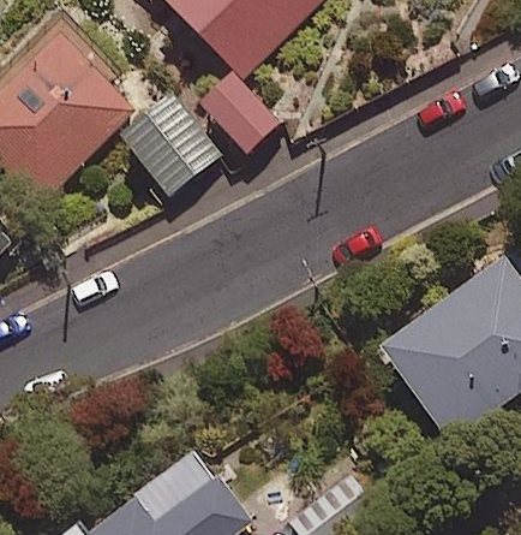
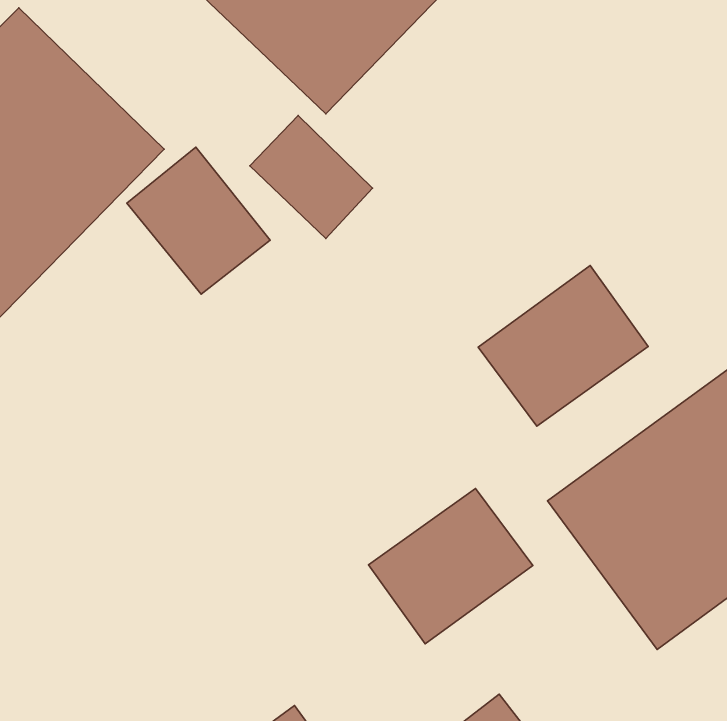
building: none -> [478,266,648,426]
building: none -> [368,488,533,644]

